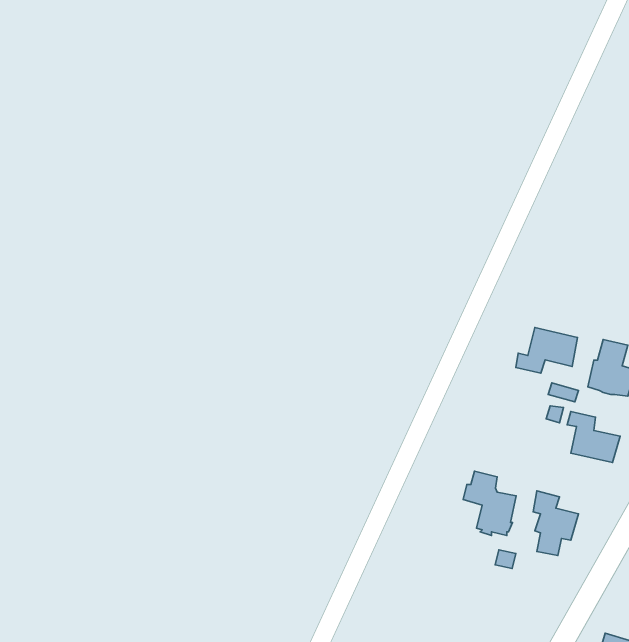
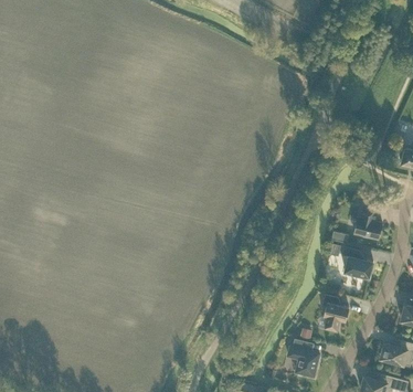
building: [516,328,577,373] -> none
building: [463,471,516,536] -> [288,340,319,378]

